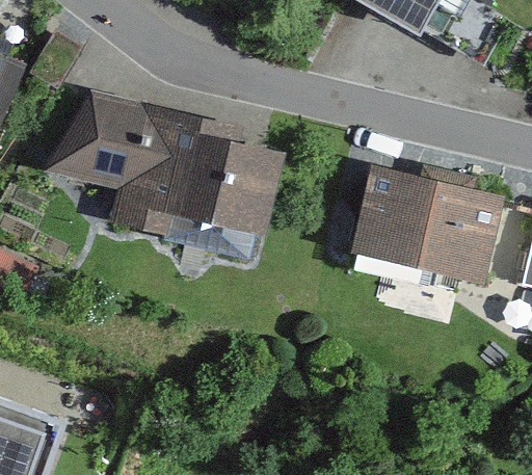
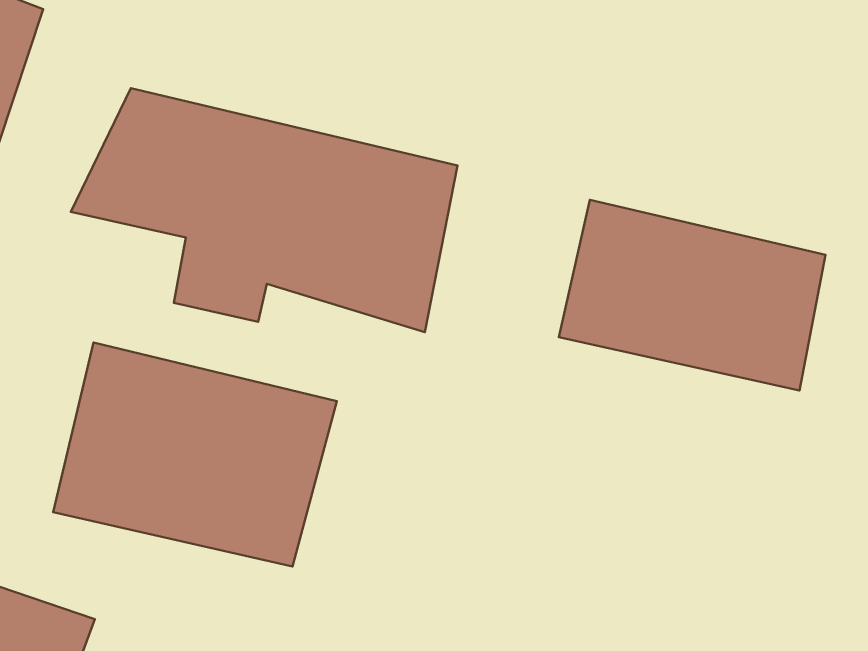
building: none -> [53,342,337,566]

